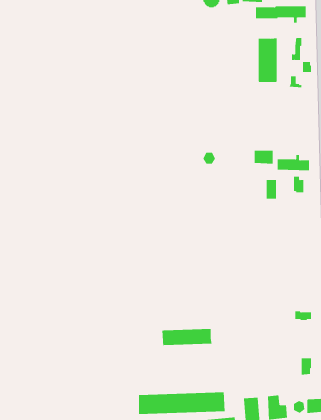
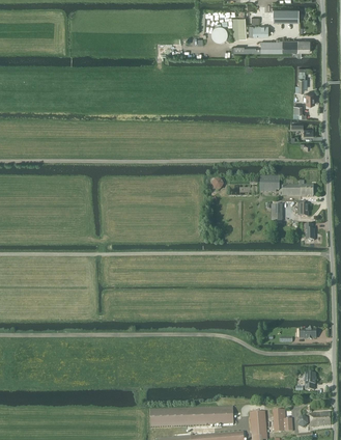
building: [258,38,277,83] -> none
building: [162,328,212,346] -> none

